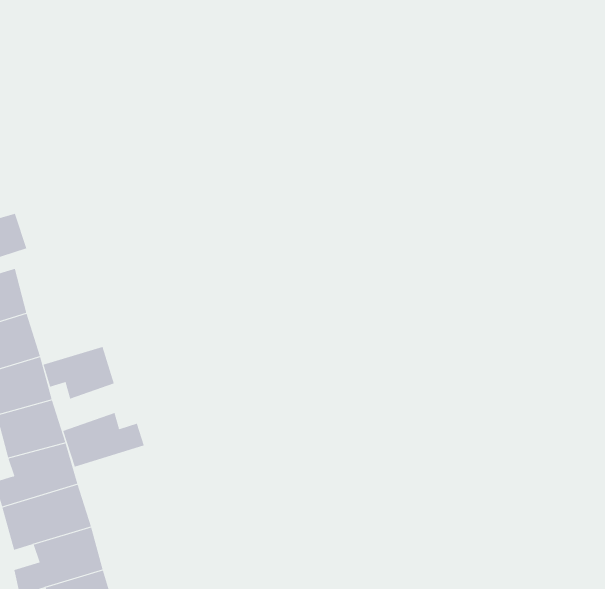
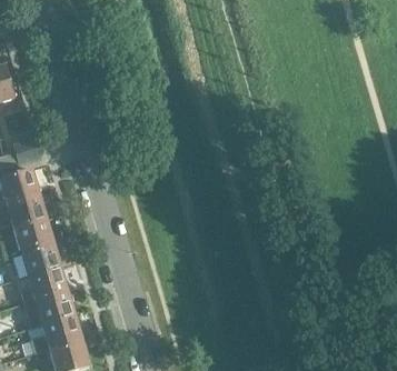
building: [43,346,115,399] -> none
building: [62,412,144,467] -> none

